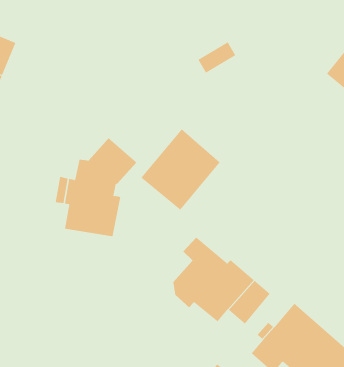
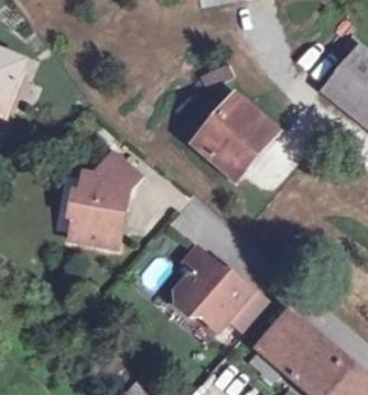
building: [141,128,220,211] -> [194,96,271,175]

